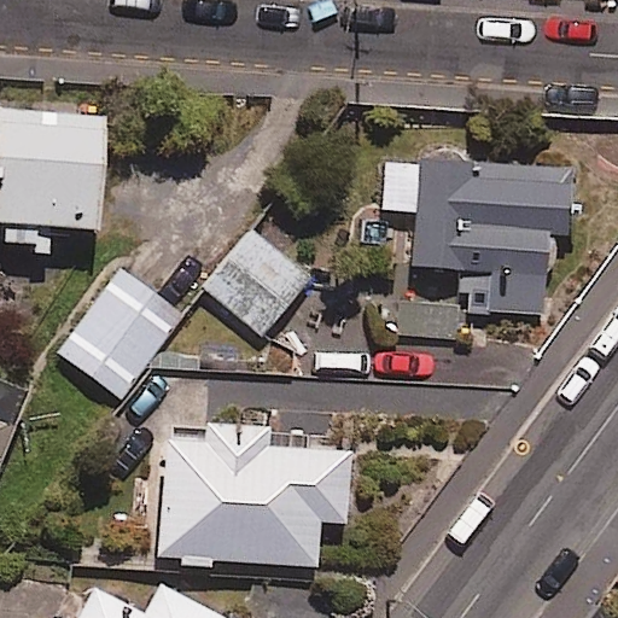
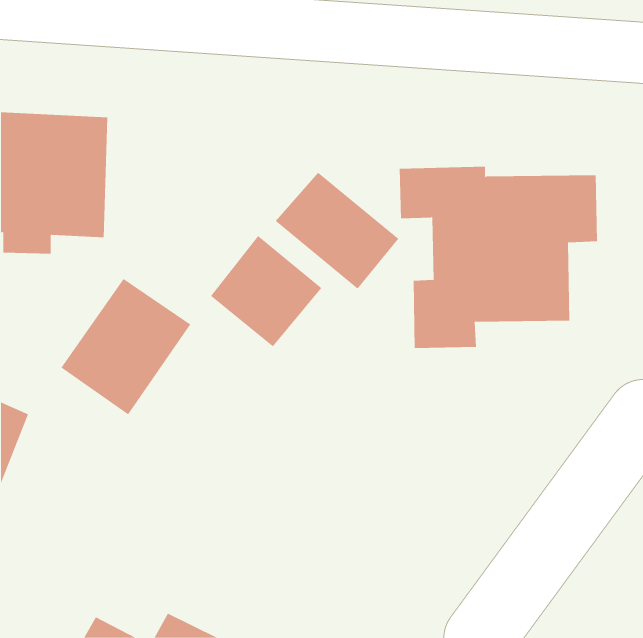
building: none -> [275,172,399,289]
building: [159,425,351,566] -> none

